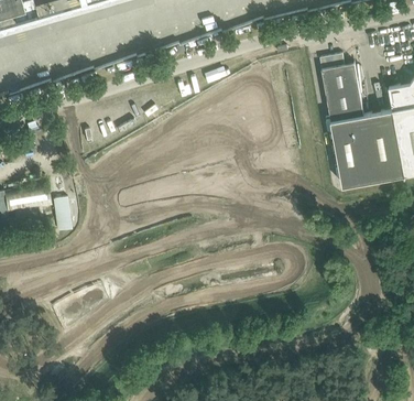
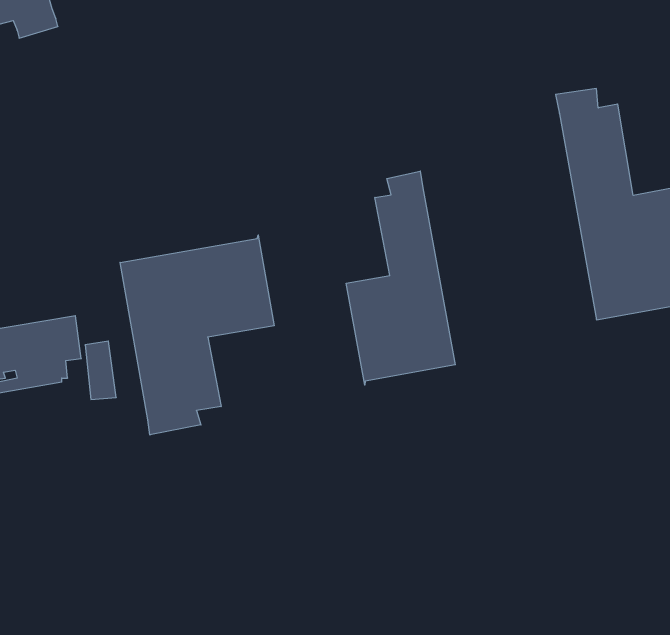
building: none -> [346,171,455,385]
building: none -> [120,235,274,435]

